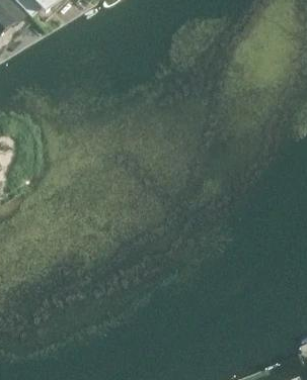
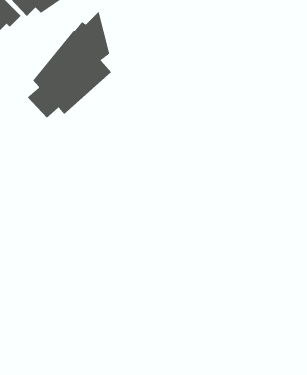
building: none -> [27,11,112,118]

